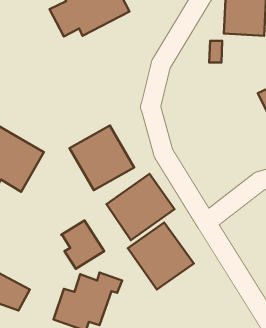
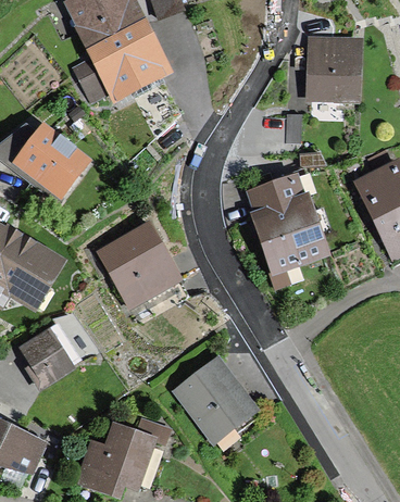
building: none -> [8,118,91,200]
building: none -> [245,172,328,287]
building: [106,174,174,240] -> none
building: [61,220,104,269] -> [23,324,80,389]

